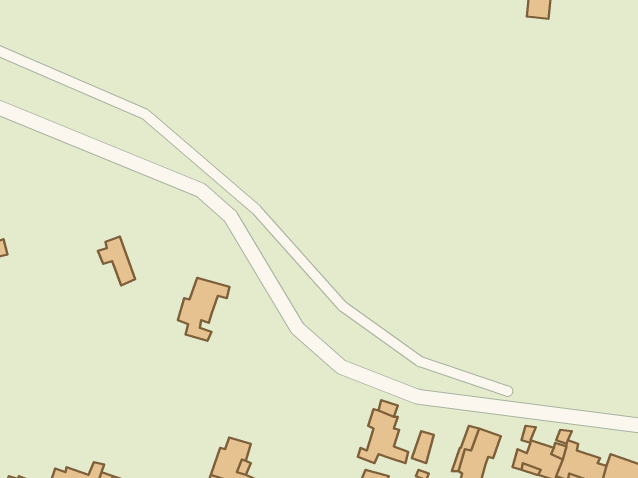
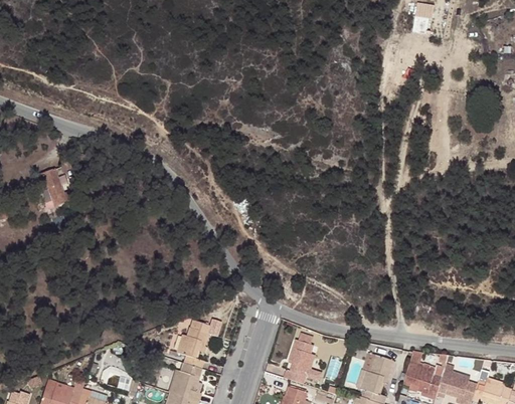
building: [98,237,135,286] -> [39,171,68,209]
building: [178,278,229,341] -> [177,318,217,367]

